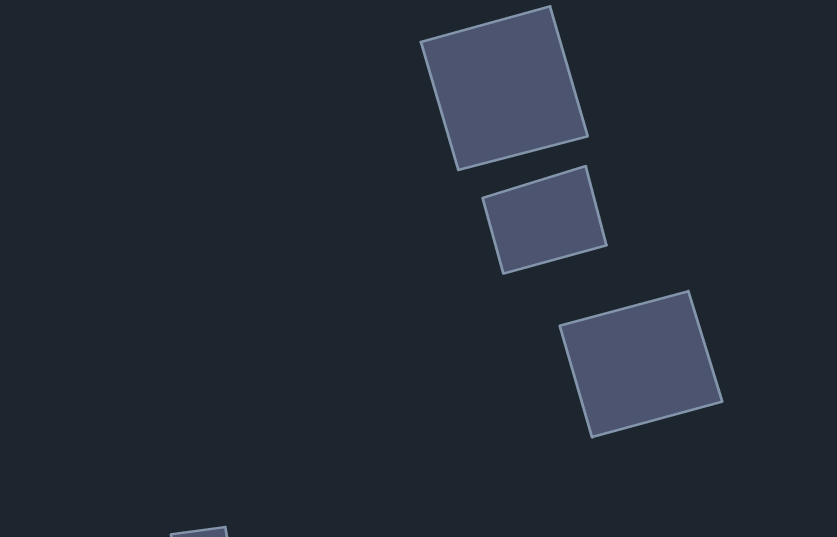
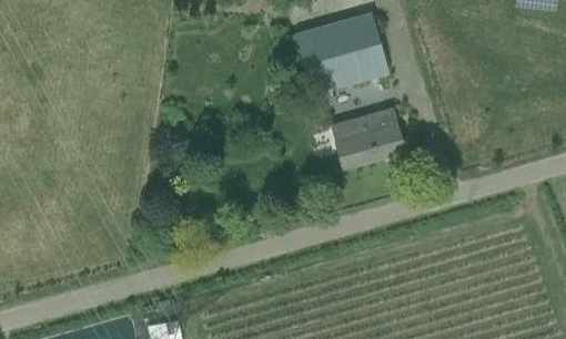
building: [560,291,722,437] -> none

